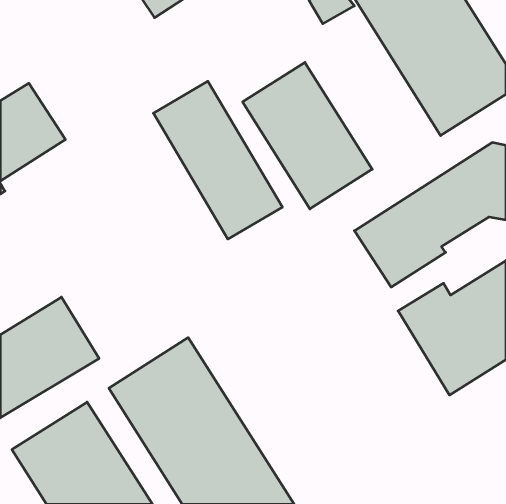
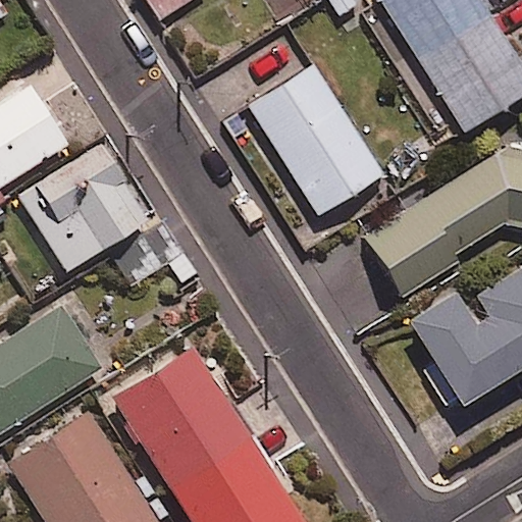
building: [153,81,282,239] -> none
building: none -> [17,144,150,272]

